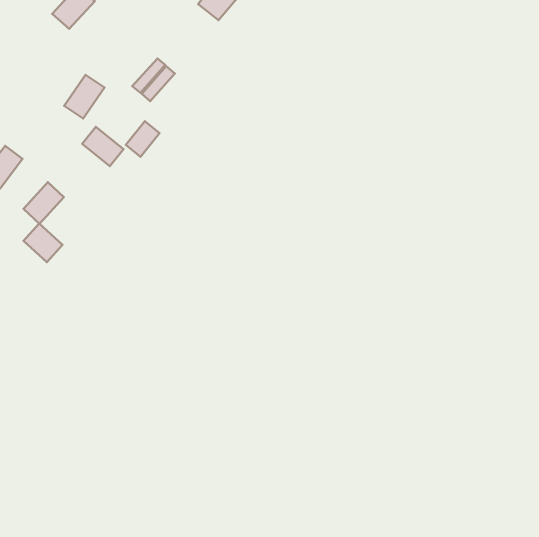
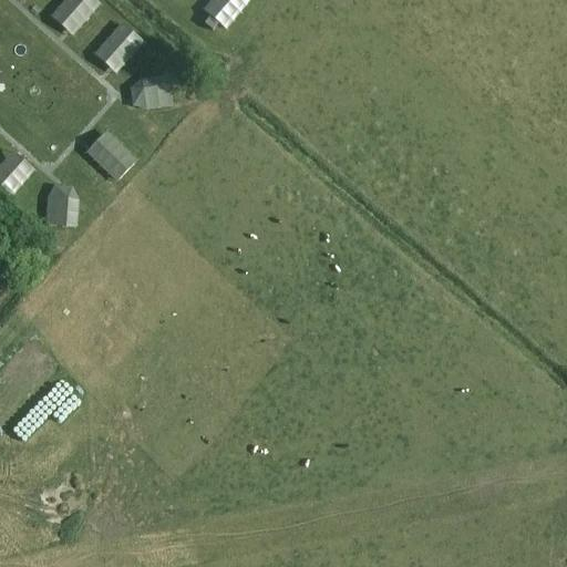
building: [64,75,105,119] -> [97,23,140,69]
building: [126,121,160,157] -> none
building: [23,224,62,262] -> none

